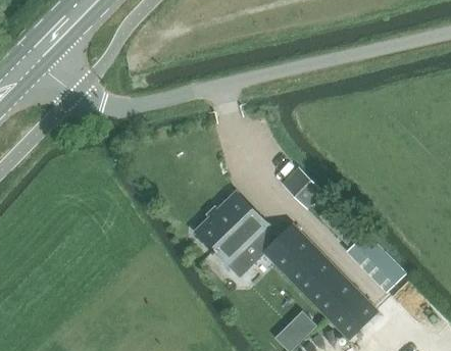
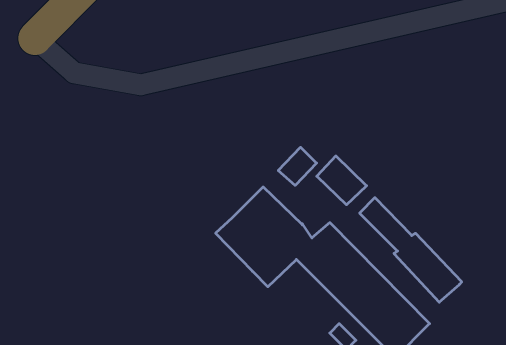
building: none -> [278,147,317,185]

